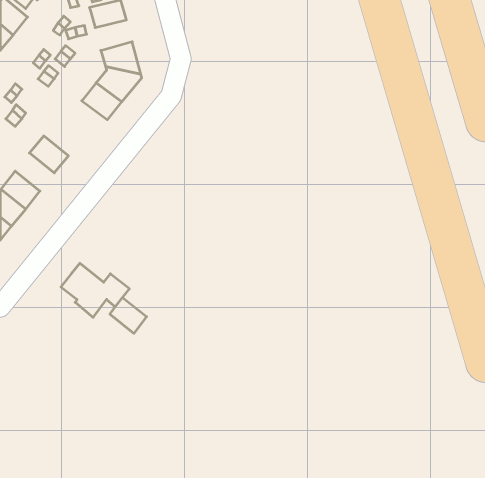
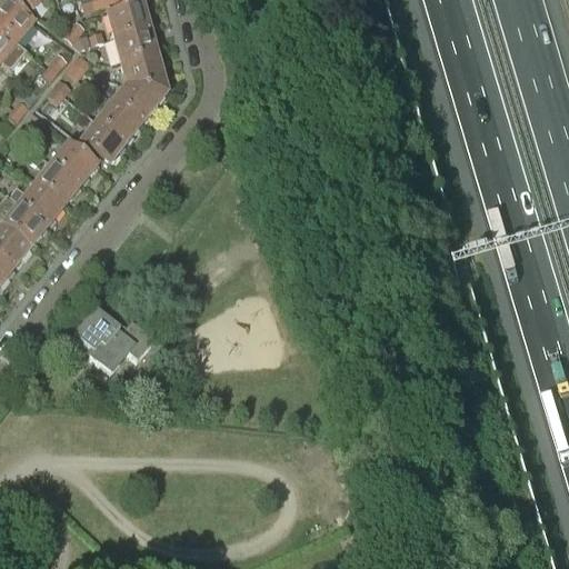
building: none -> [112,23,156,59]
building: none -> [78,118,127,164]
building: none -> [52,140,97,182]
building: none -> [9,179,64,223]
building: [110,297,147,333] -> none

